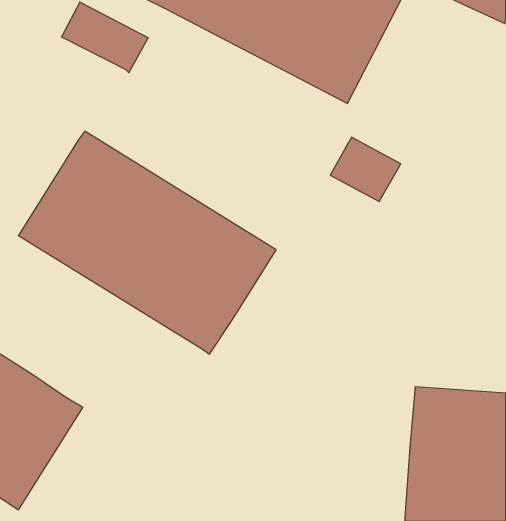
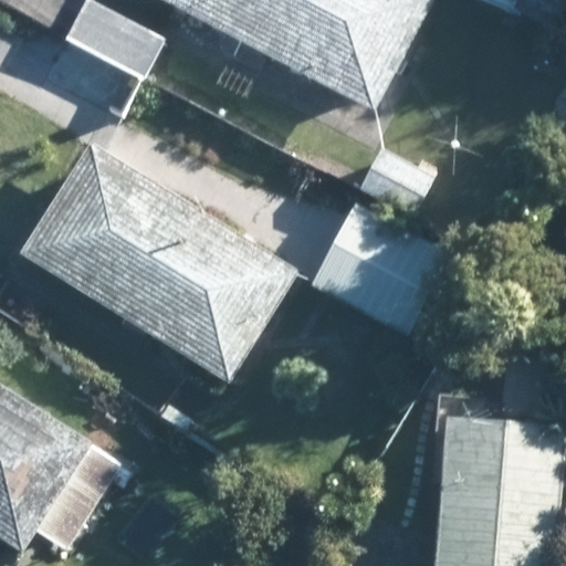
building: none -> [306,201,443,334]

